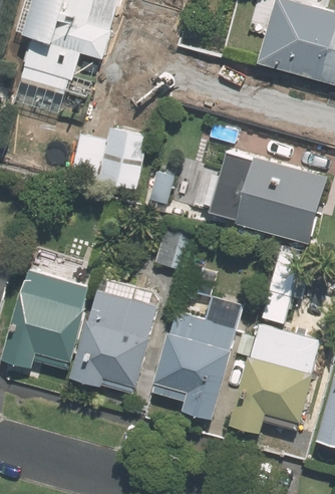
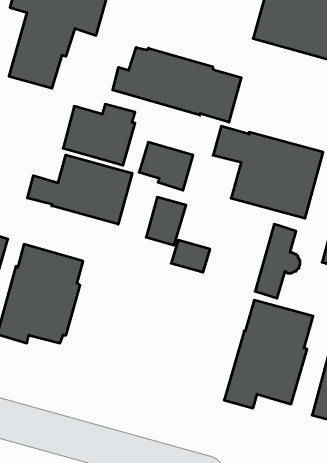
building: none -> [113,47,241,122]
building: none -> [27,155,132,224]
building: [71,279,150,395] -> none
building: [151,306,239,419] -> none

